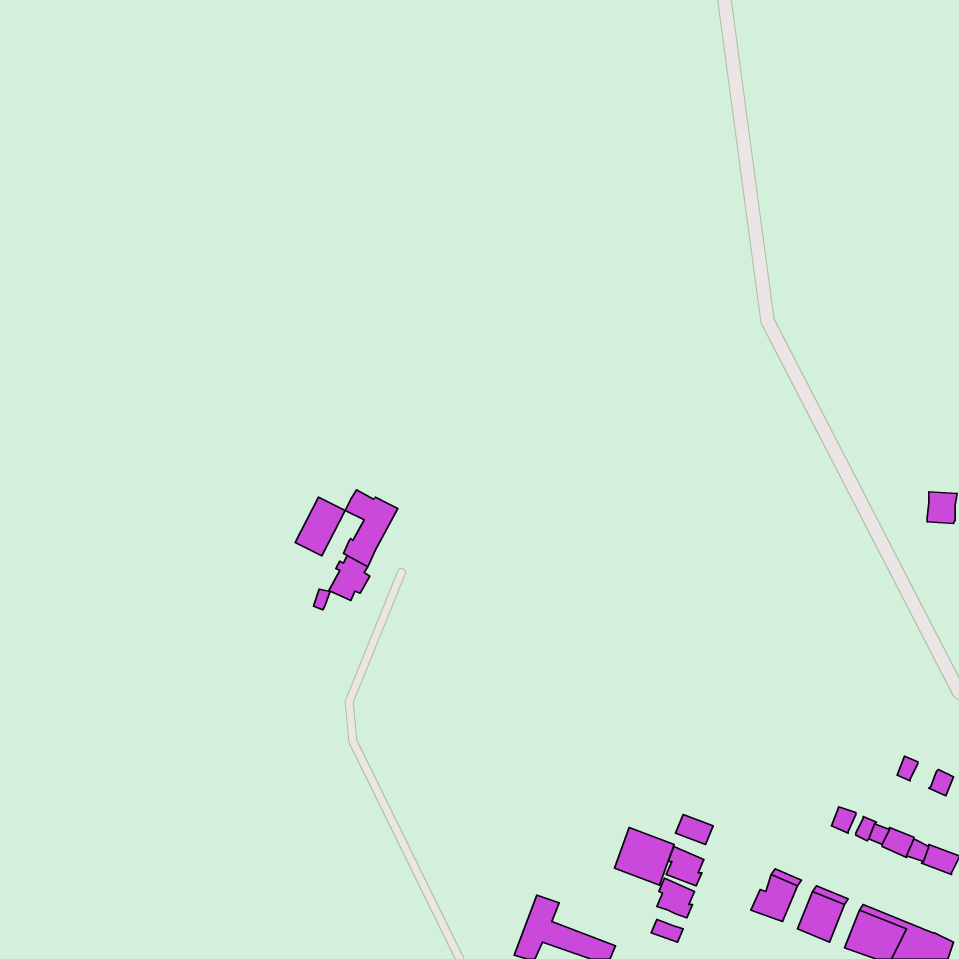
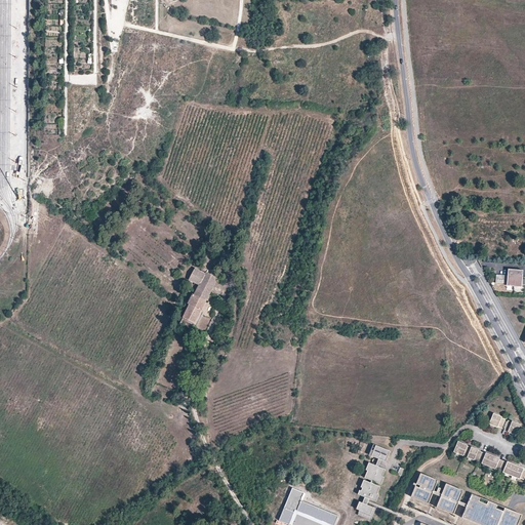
building: [295,497,345,556] -> none
building: [614,827,674,885] -> none

